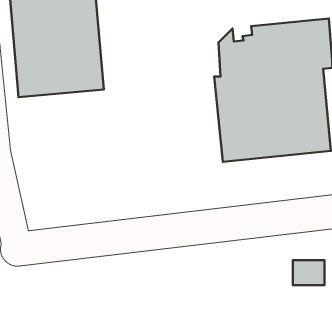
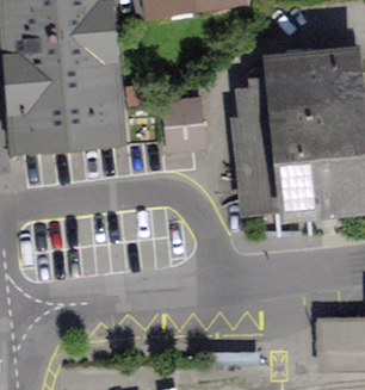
building: none -> [166,100,199,147]

